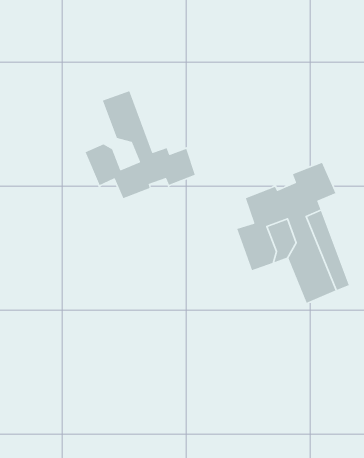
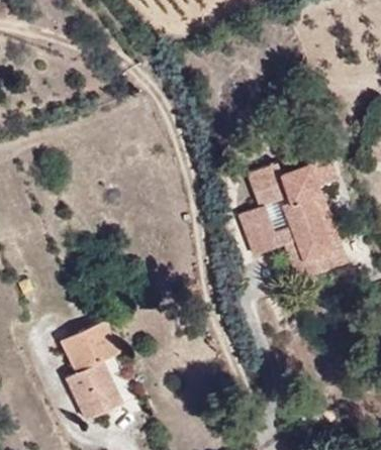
building: [84,90,196,199] -> none
building: none -> [60,318,122,418]

